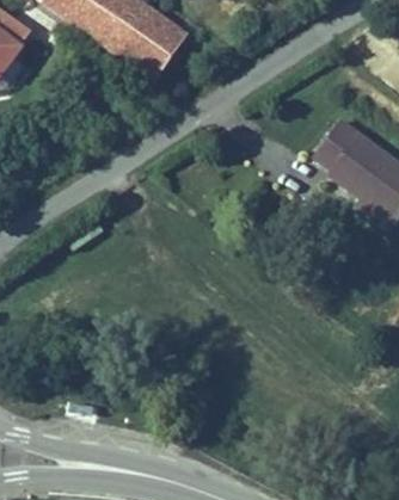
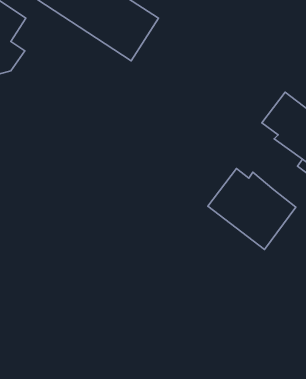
building: none -> [208,168,296,249]

